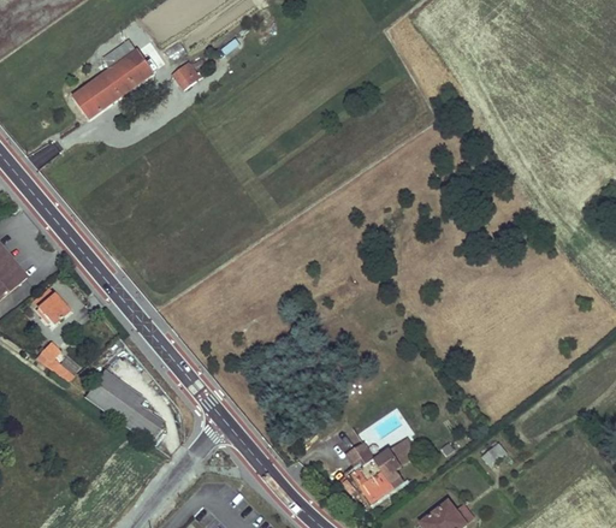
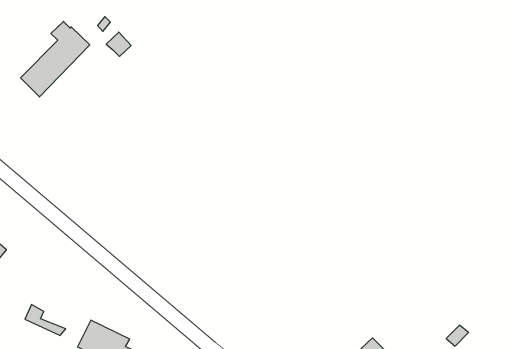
building: [32,287,66,324] -> none

